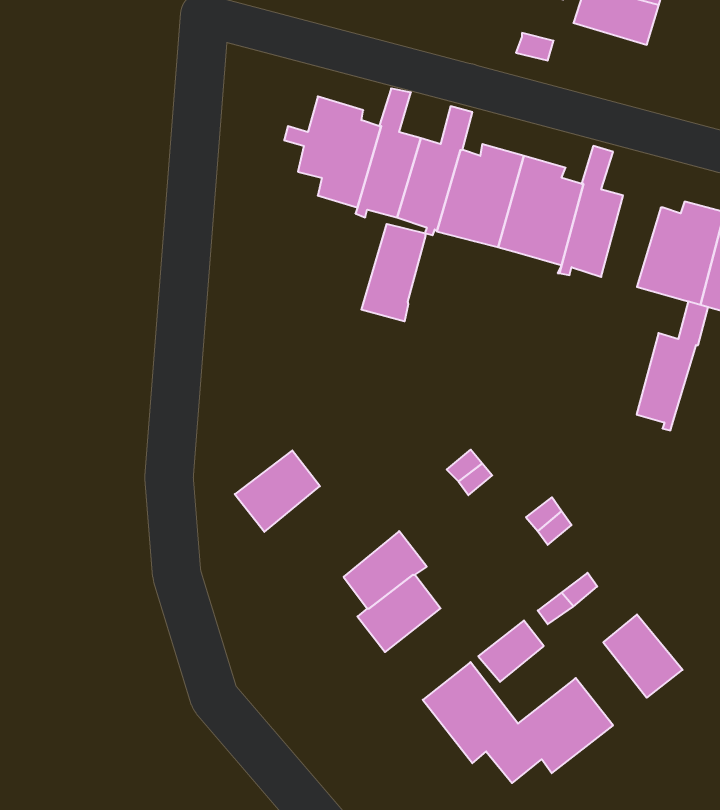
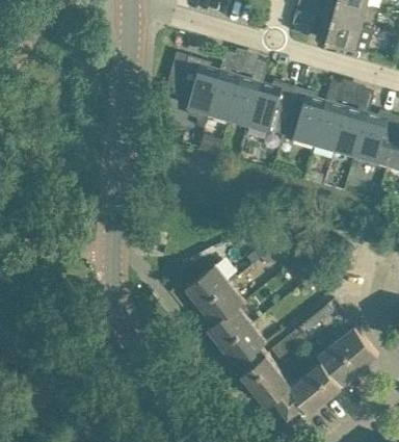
building: none -> [314,19,371,55]
building: [361,224,425,321] -> none
building: [637,301,708,430] -> [335,93,372,160]
building: [235,450,320,532] -> [184,266,229,309]
building: none -> [221,326,265,367]
building: none -> [317,343,358,387]

